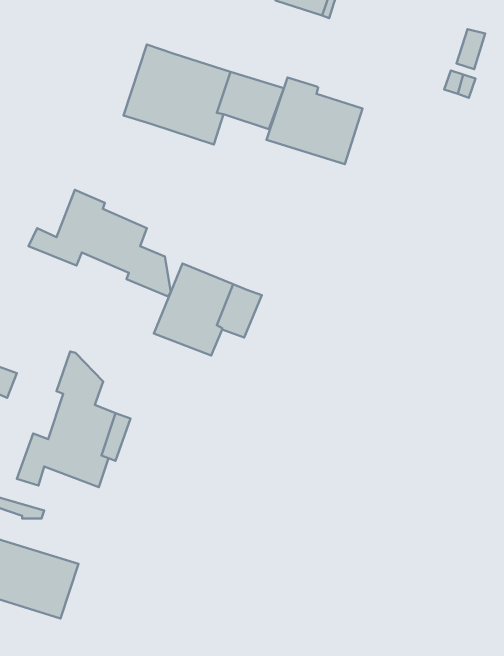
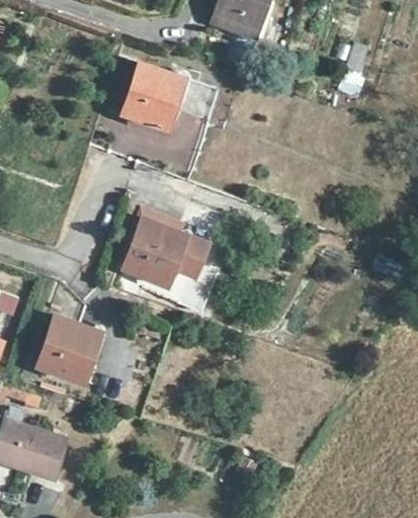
building: [266,78,363,164] -> none
building: [29,190,171,297] -> none

